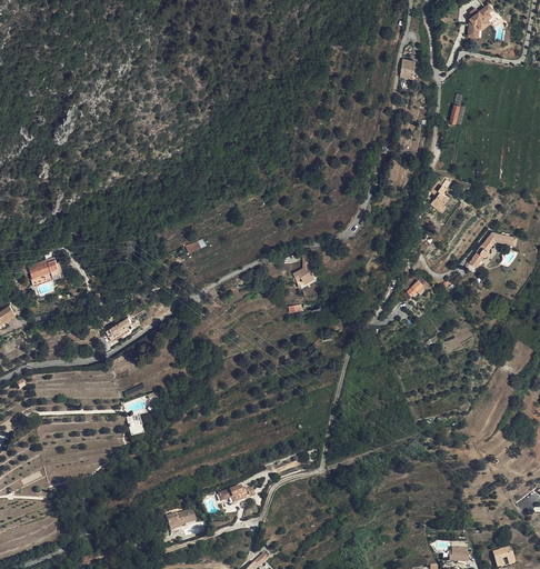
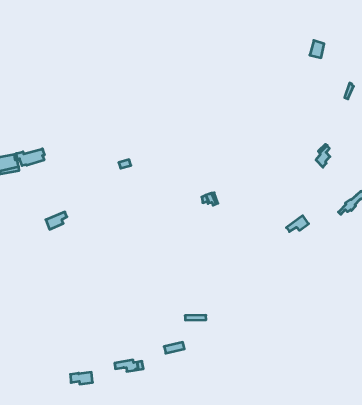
building: none -> [16,149,44,166]

